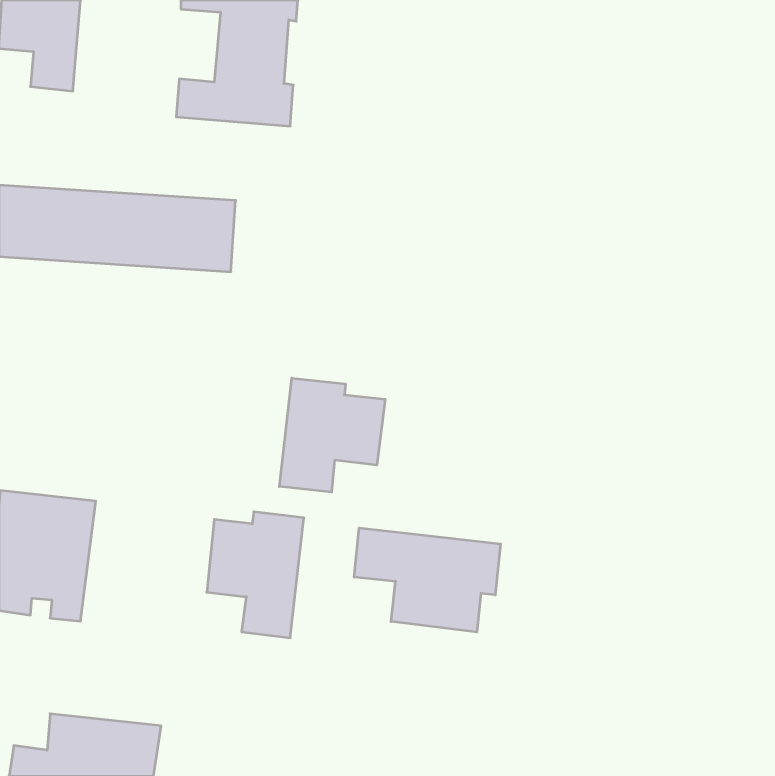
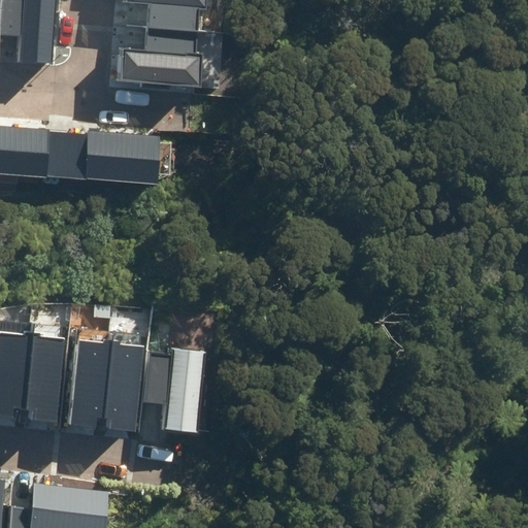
building: [279,378,385,492] -> none
building: none -> [68,342,142,431]
building: [354,528,501,632] -> none

